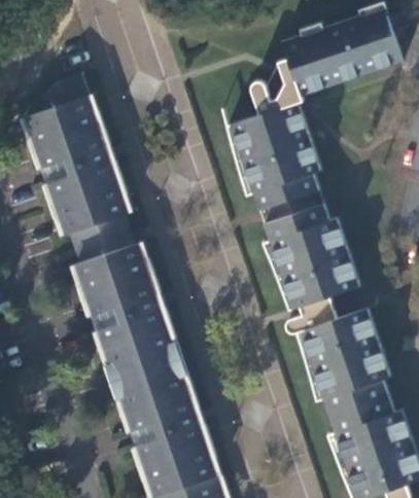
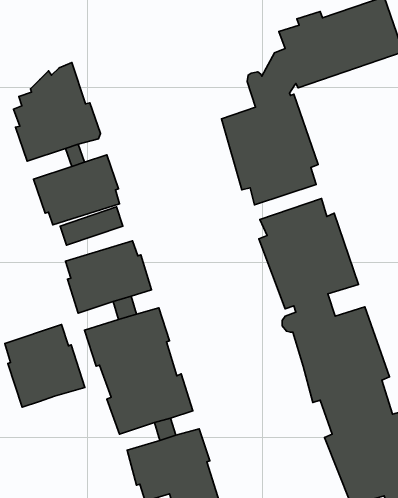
building: none -> [5,324,85,407]

